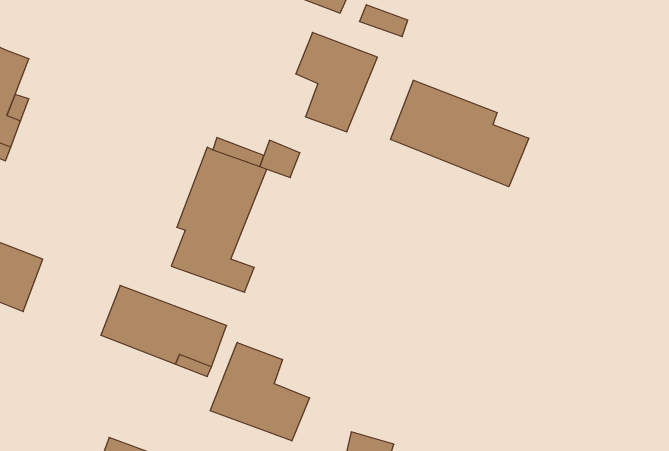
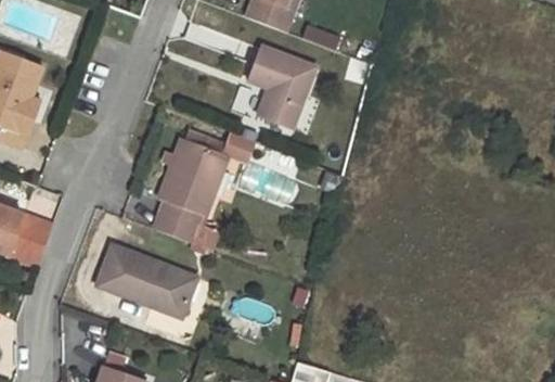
building: [390,80,529,187] -> none
building: [210,342,310,441] -> none

